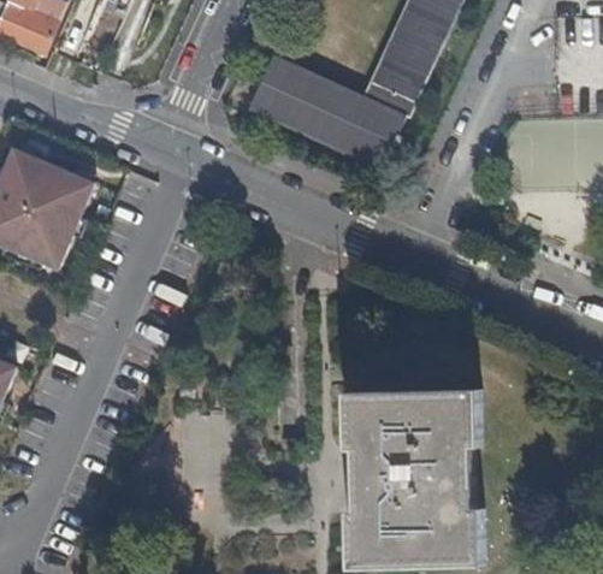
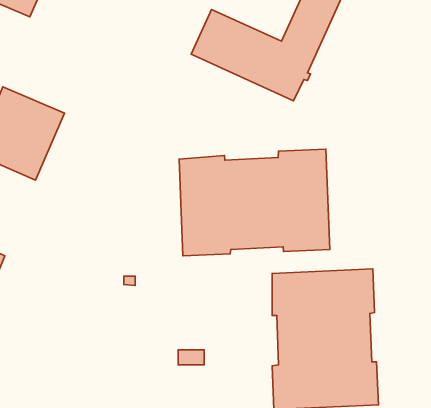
building: none -> [179,149,330,256]

